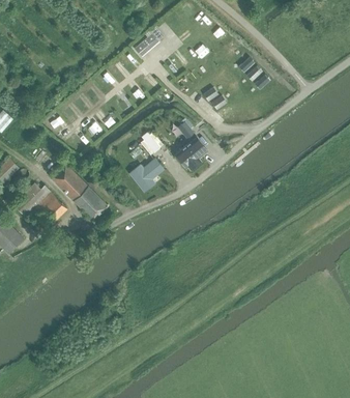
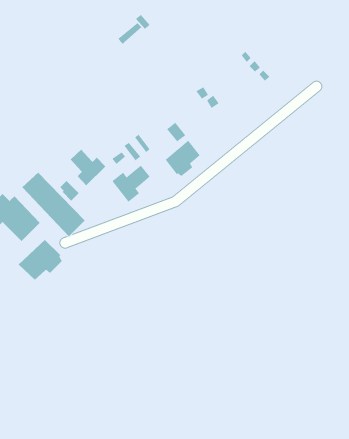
building: none -> [70,149,106,186]
building: none -> [18,239,62,281]

